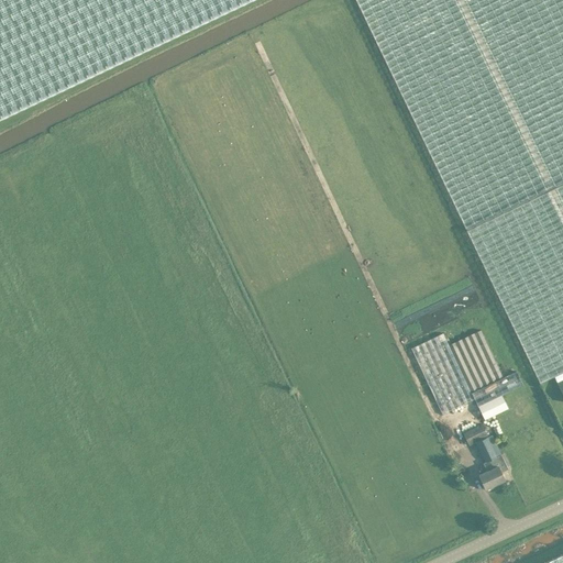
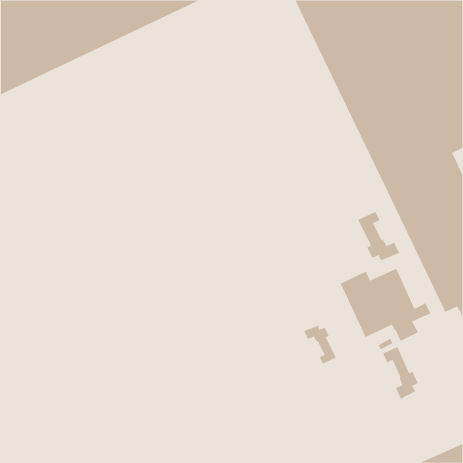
building: none -> [358,211,400,261]
building: none -> [304,325,337,365]

